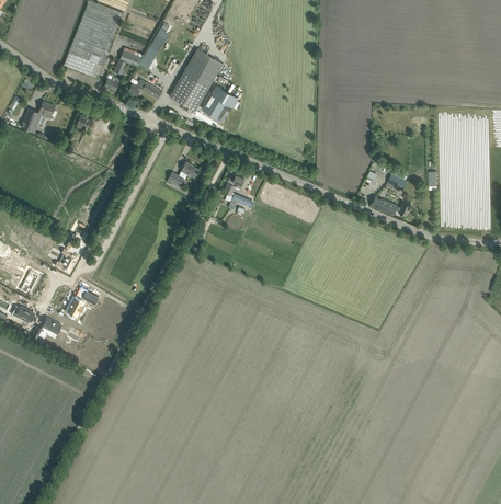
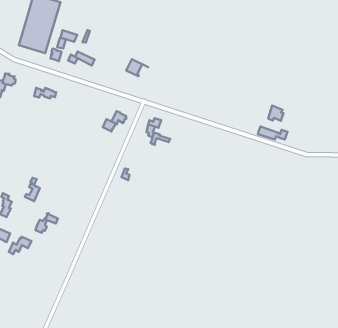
building: [170,48,223,111] -> none

